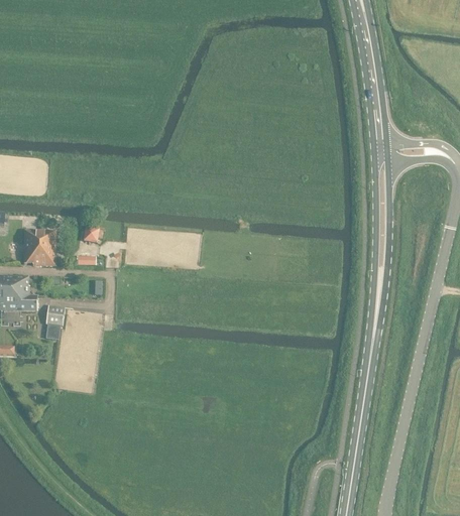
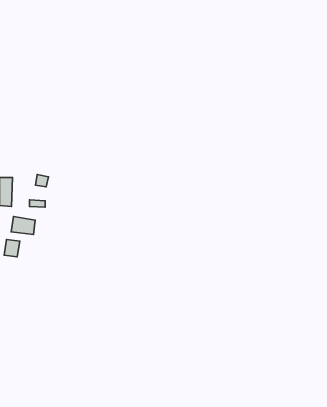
building: none -> [11,217,35,234]

